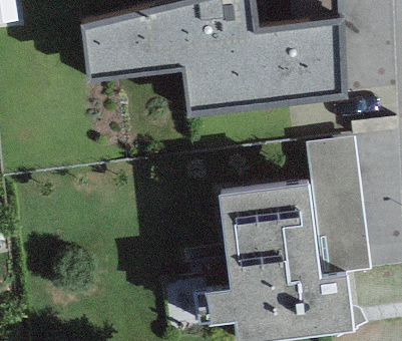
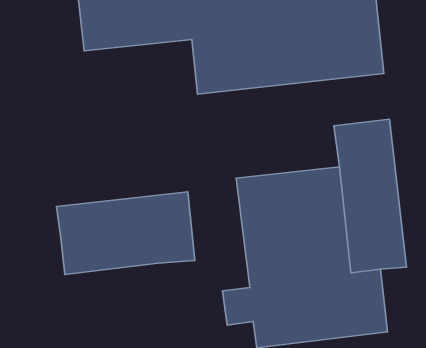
building: none -> [57,192,195,275]

